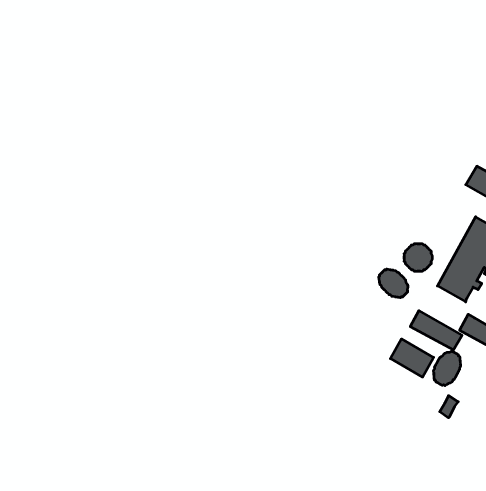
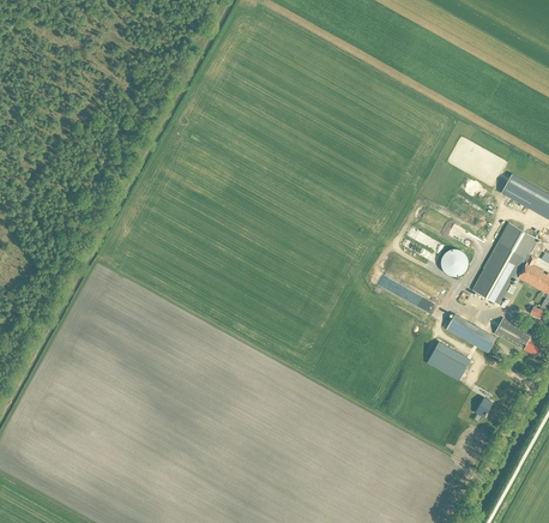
building: [379,269,408,298] -> none
building: [434,351,461,386] -> none

